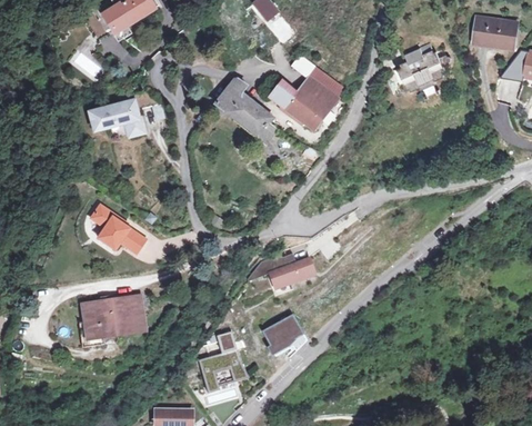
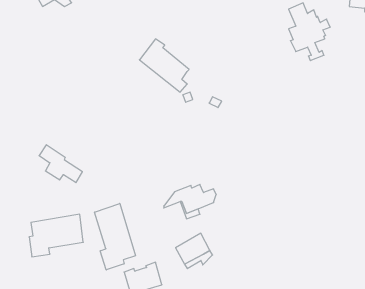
building: [270,73,335,126] -> none
building: [90,89,161,133] -> none
building: none -> [95,203,135,270]

